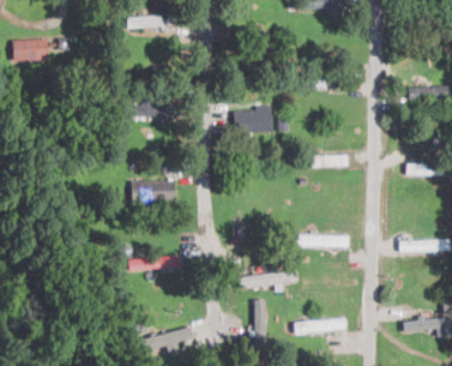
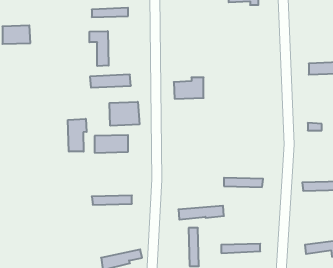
building: none -> [89,31,109,66]
building: none -> [110,102,139,126]
building: none -> [68,119,87,152]

